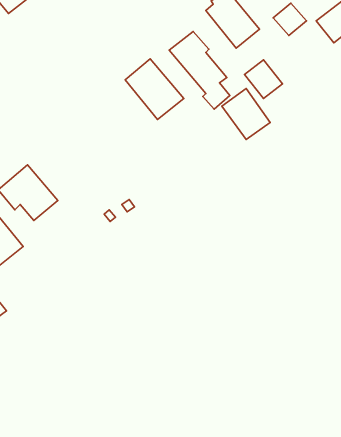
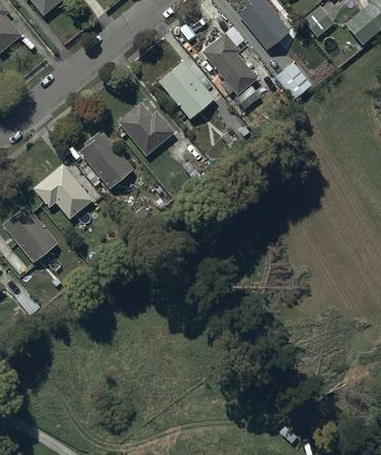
building: [222,88,270,139] -> none
building: none -> [118,102,175,155]
building: none -> [79,128,134,188]

